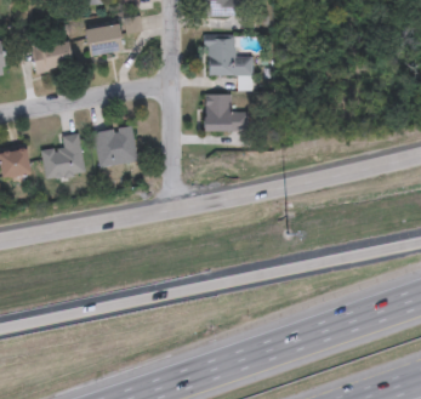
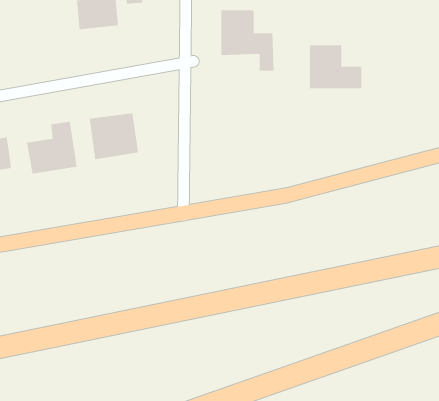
building: [33,41,73,73] -> none
building: [205,95,250,132] -> [309,45,362,89]

